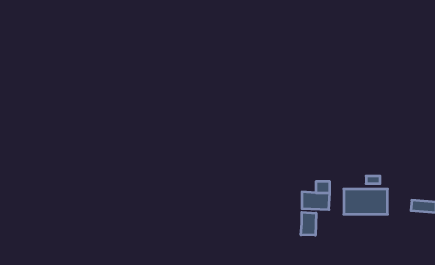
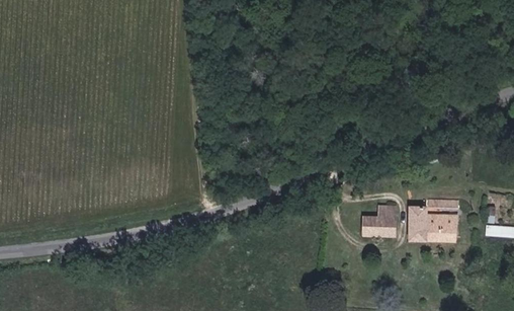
building: [301,212,316,235] -> none

